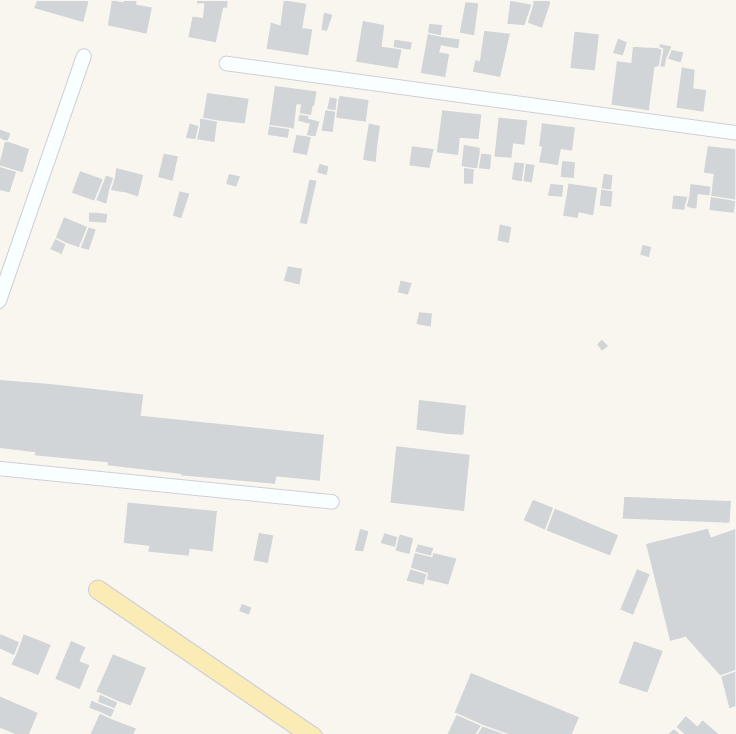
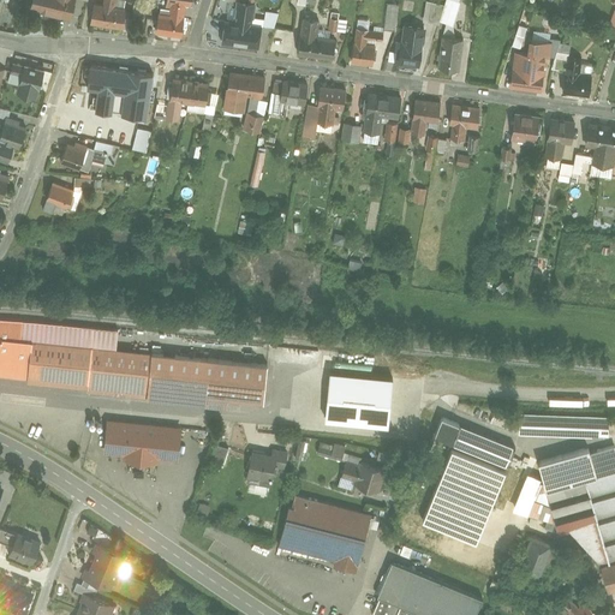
building: [569,31,600,71] -> [437,38,462,72]
building: none -> [7,65,43,100]
building: none -> [86,65,153,119]
building: none -> [315,86,345,125]
building: none -> [544,119,575,160]
building: [562,183,598,219] -> [510,113,541,143]
building: [416,399,467,436] -> none
building: none -> [247,450,288,483]
building: none -> [422,450,503,543]
building: none -> [280,494,372,573]
building: [54,640,90,690] -> none

